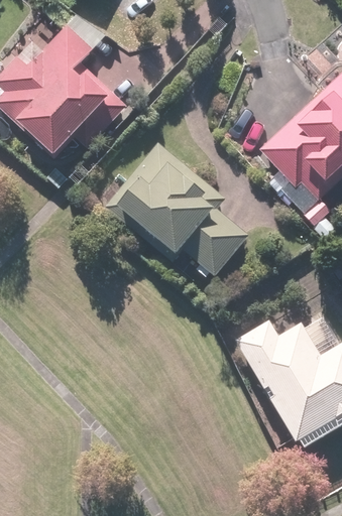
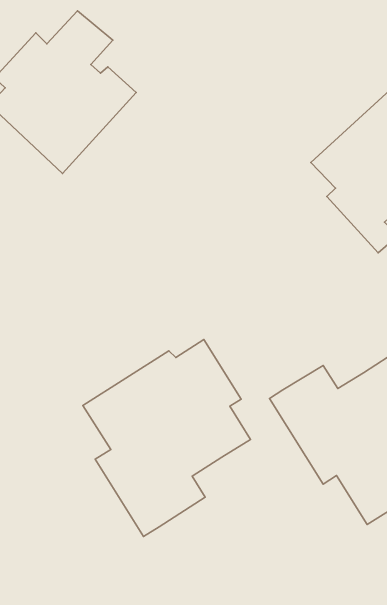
building: [106,144,249,272] -> none
building: none -> [83,339,251,537]

